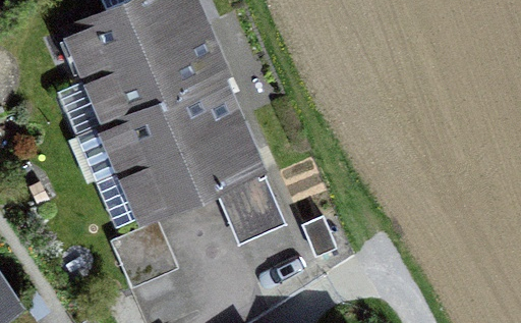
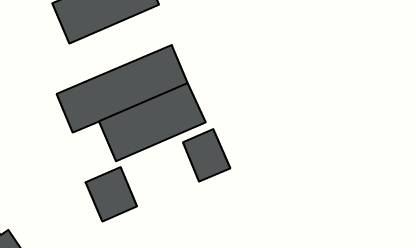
building: [58,26,221,133] -> none

